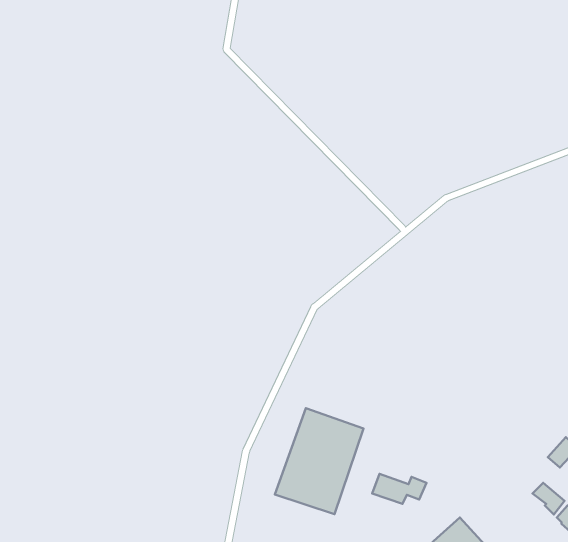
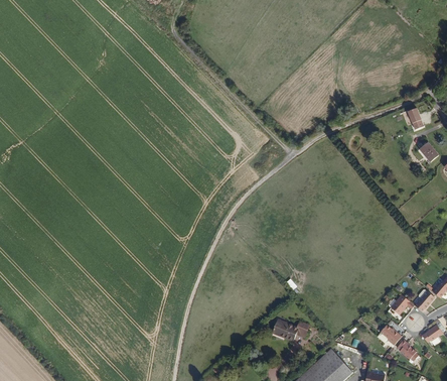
building: [275,408,363,514] -> none

